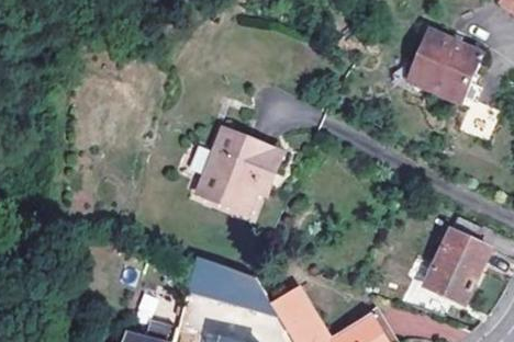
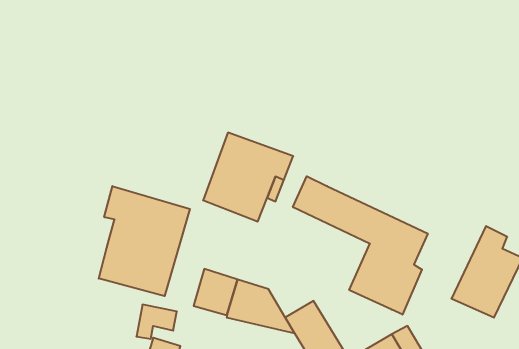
building: [402,23,480,96] -> none
building: none -> [293,176,428,315]
building: none -> [99,186,190,296]

